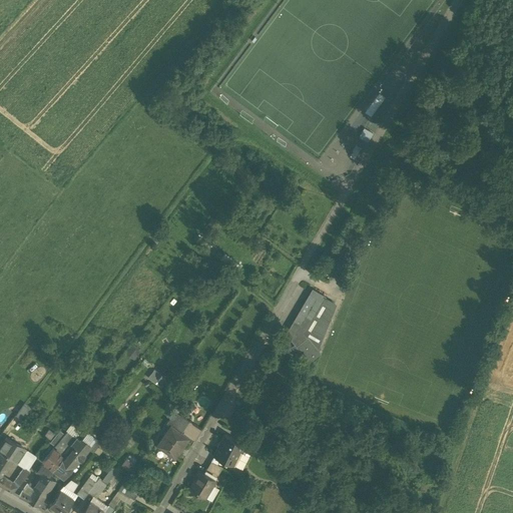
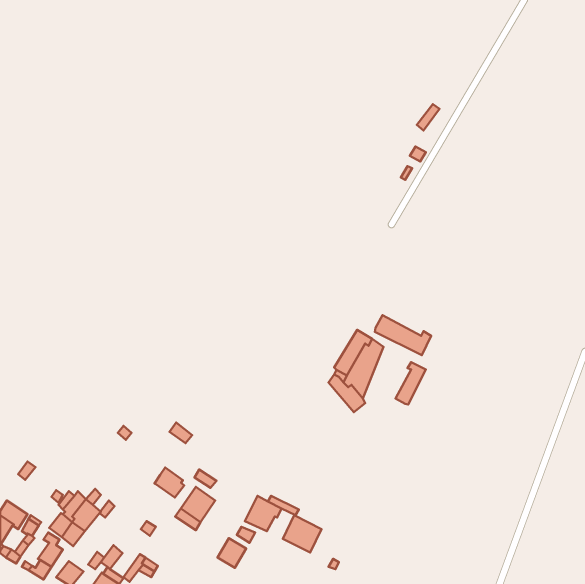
building: none -> [375,315,431,355]
building: none -> [396,362,426,405]
building: none -> [154,468,184,498]
building: none -> [283,515,322,553]

